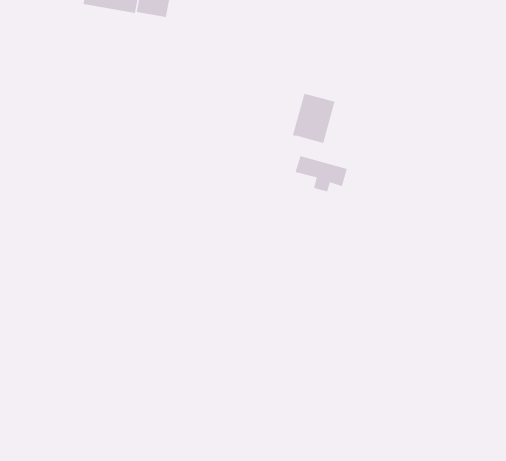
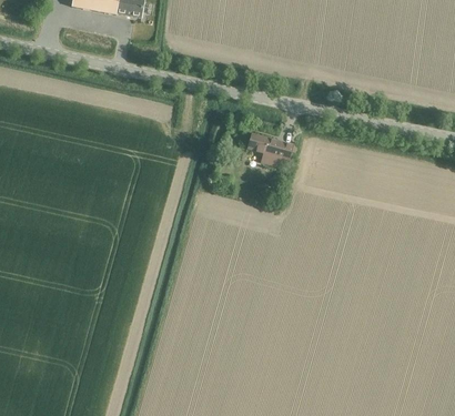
building: [292,93,336,144] -> none

